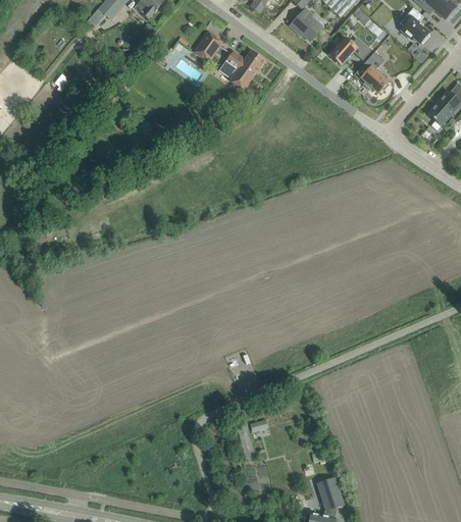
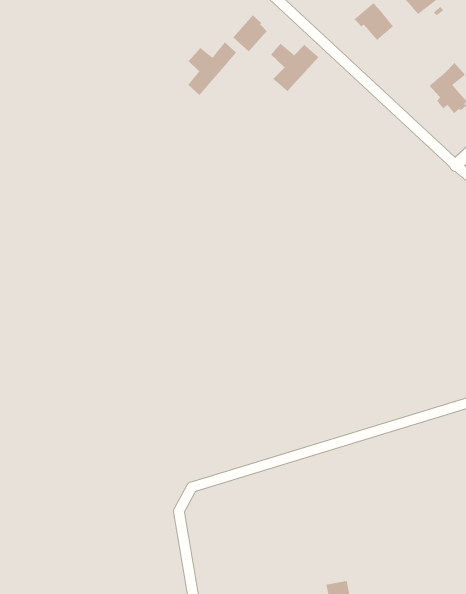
building: [329,39,371,65] -> none
building: none -> [187,42,237,96]

